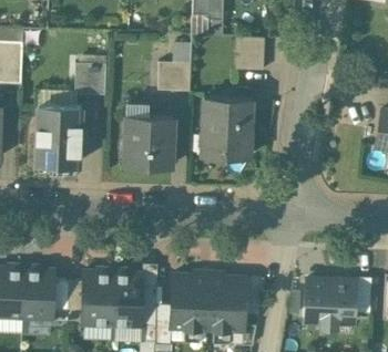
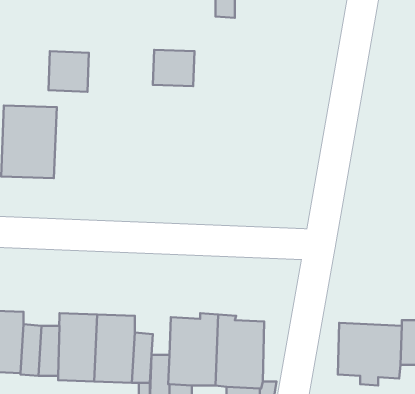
building: [235,37,265,71] -> none
building: [202,97,252,157] -> none
building: [124,104,173,167] -> none

